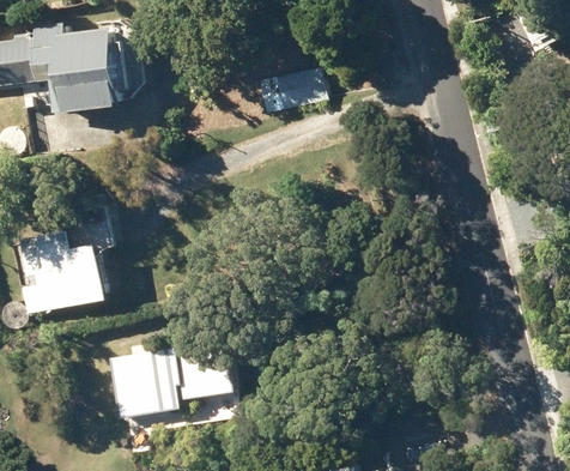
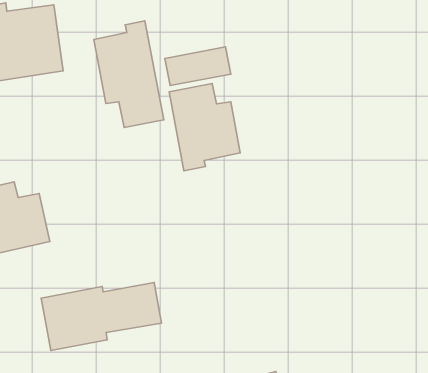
building: none -> [94,21,164,128]
building: none -> [169,83,240,171]

